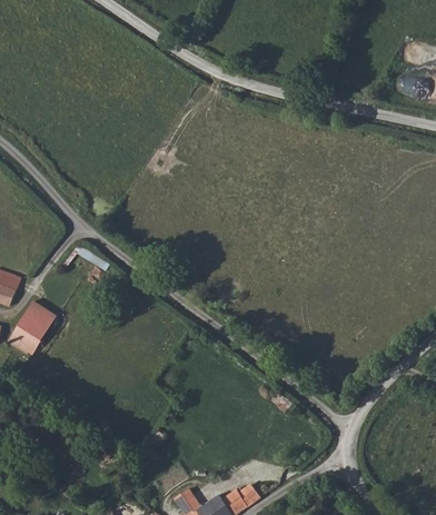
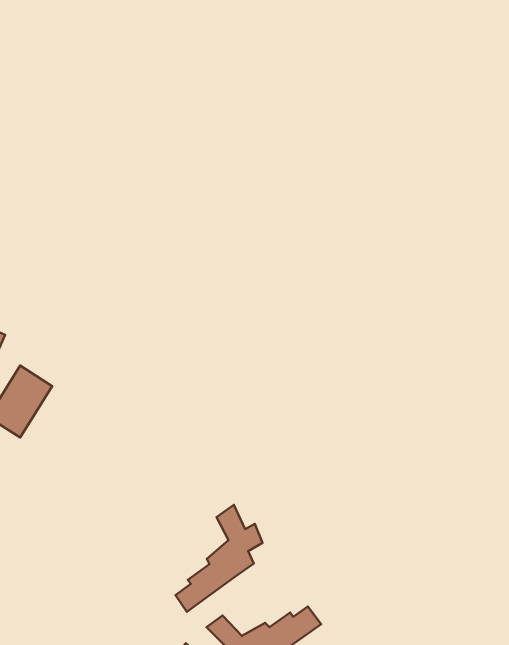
building: none -> [175,505,262,612]

